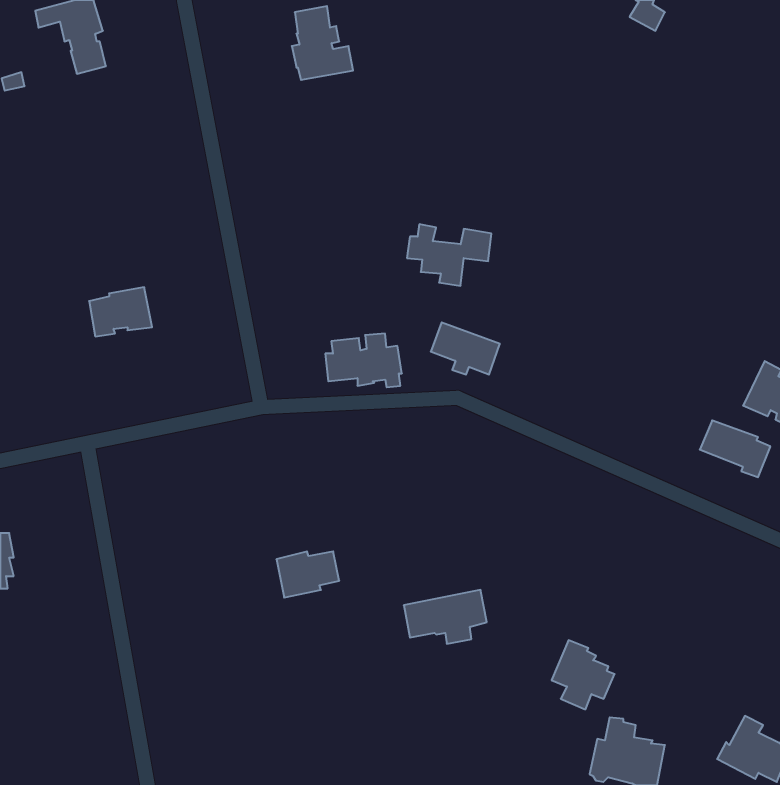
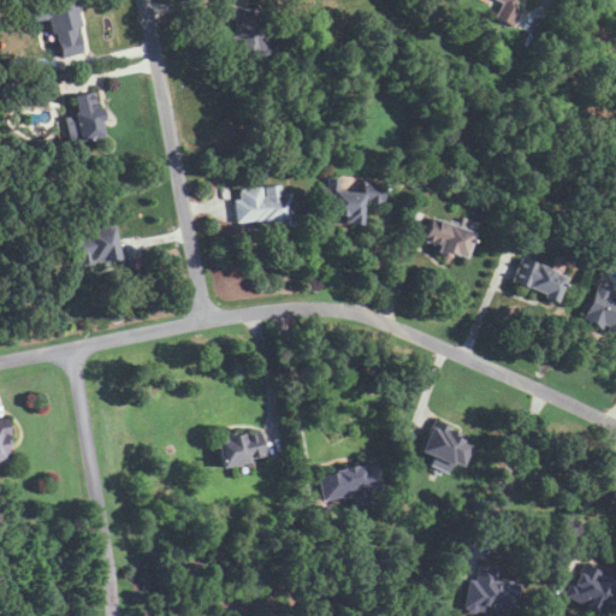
building: none -> [66,90,107,142]
building: [431,322,500,375] -> [425,217,479,257]
building: [325,334,402,387] -> [236,184,296,226]
building: [700,420,770,477] -> [515,257,570,302]
building: [552,640,615,709] -> [425,419,474,473]

